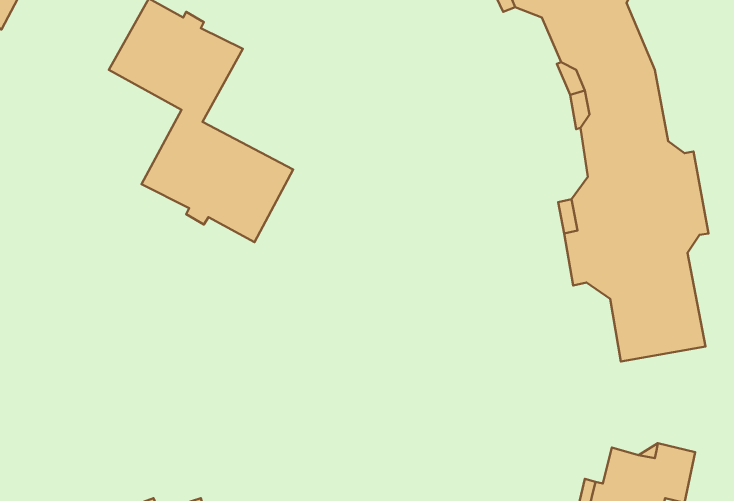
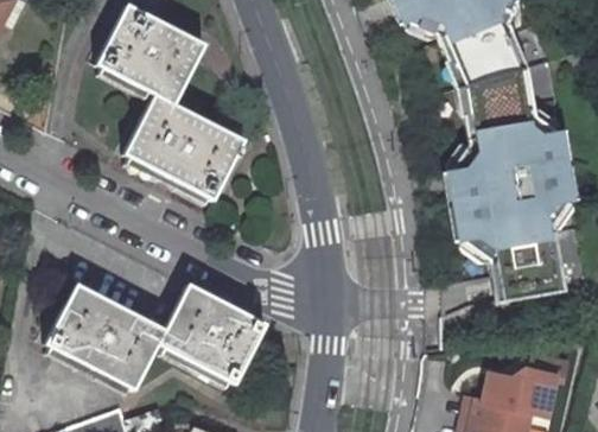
building: none -> [42,286,259,389]

